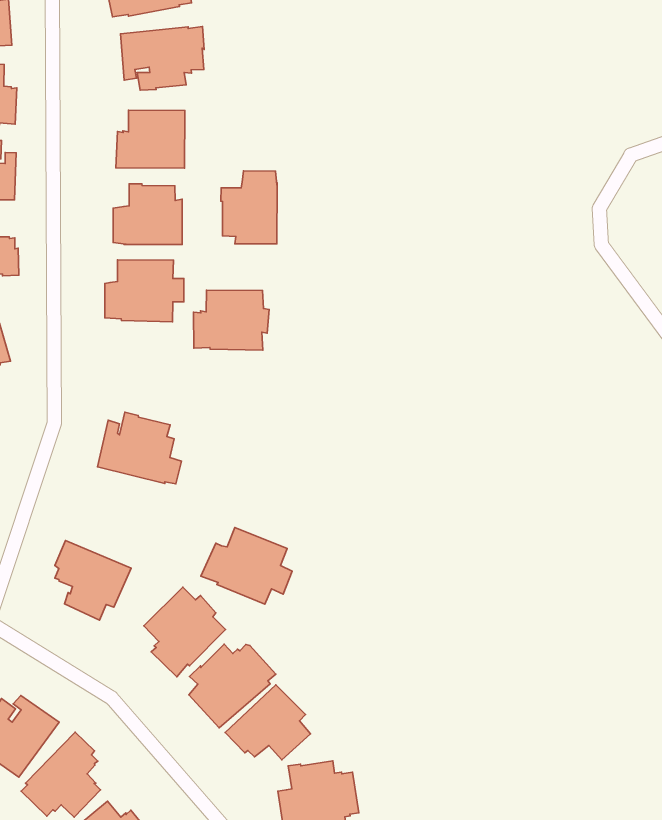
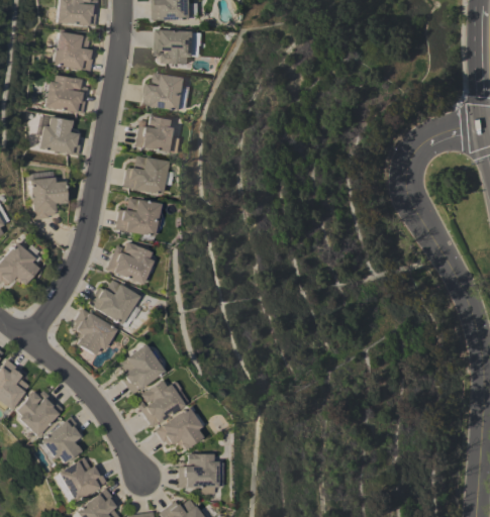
building: [221,171,277,244] -> none
building: [194,290,269,350] -> [116,198,162,236]
building: [201,528,292,604] -> [89,280,140,325]

